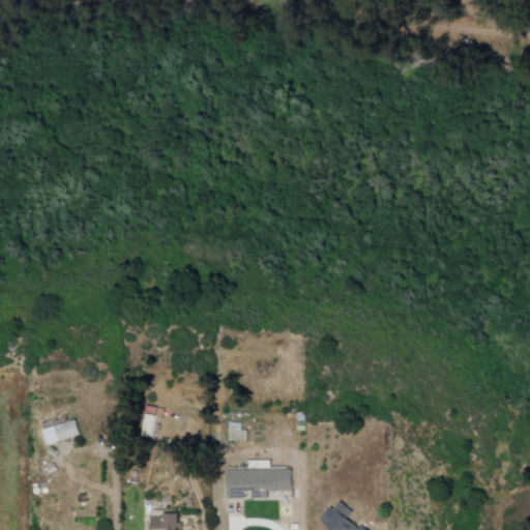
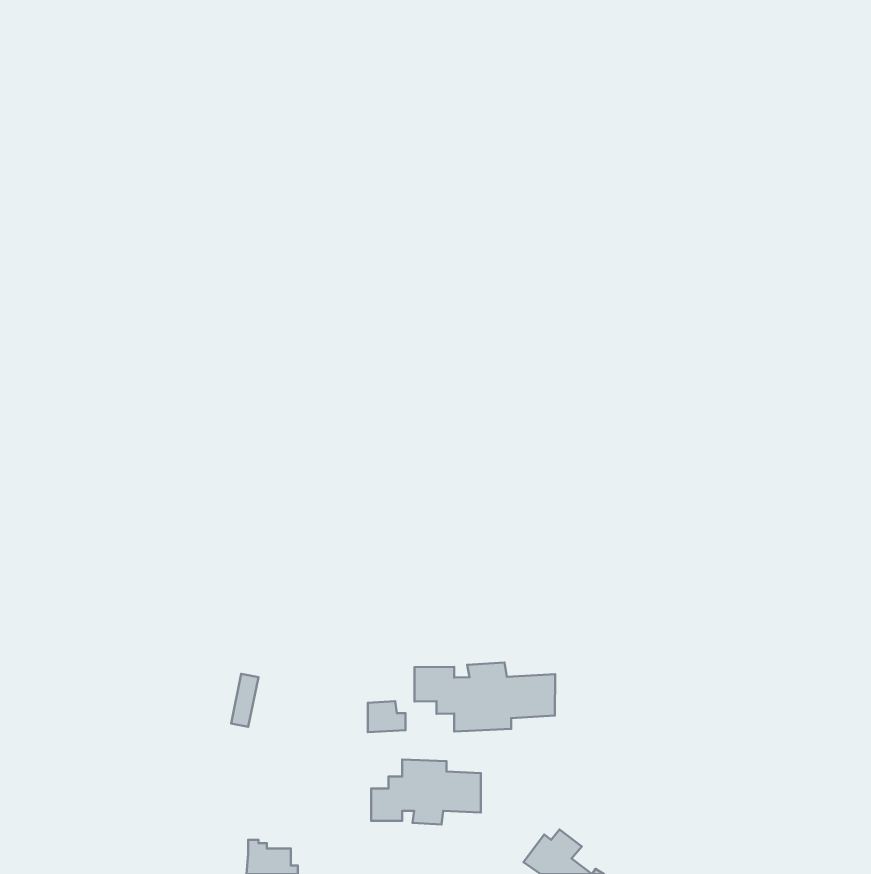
building: none -> [415,662,555,731]
building: [52,418,78,442] -> none

